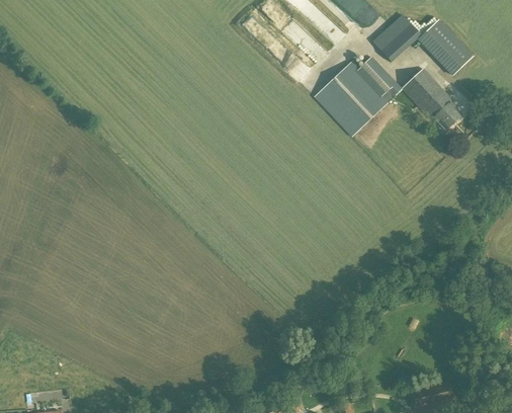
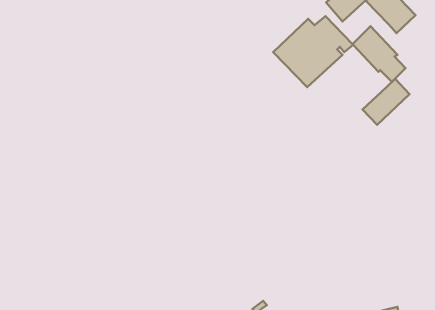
building: none -> [363,79,410,125]

